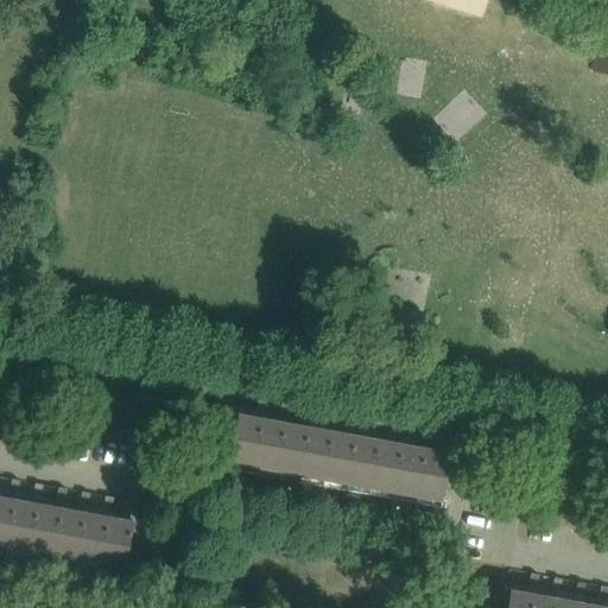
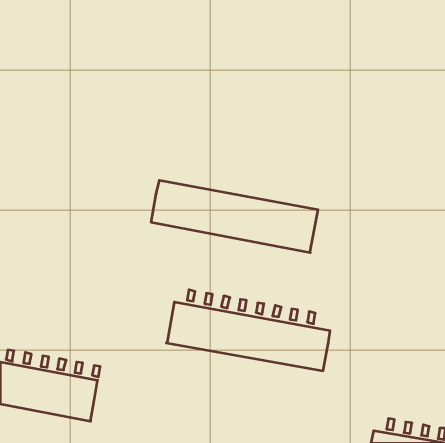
building: none -> [151,180,318,253]

